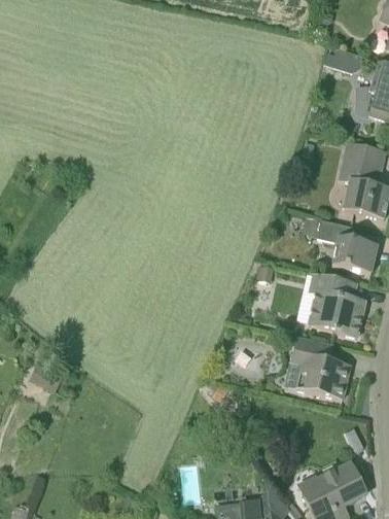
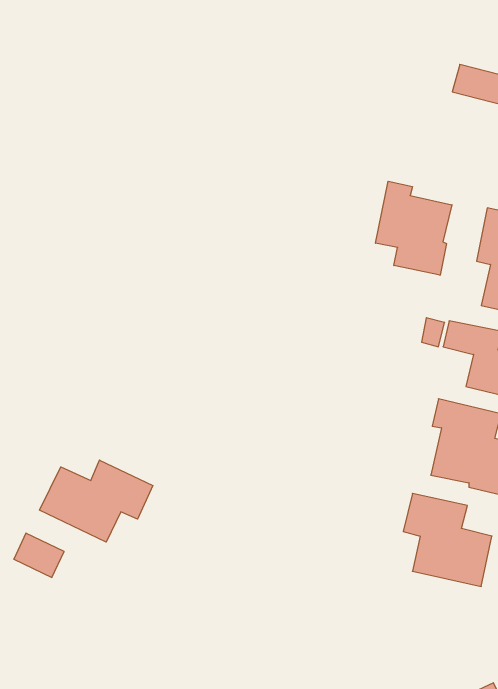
building: none -> [376,181,452,275]
building: none -> [39,460,153,542]

